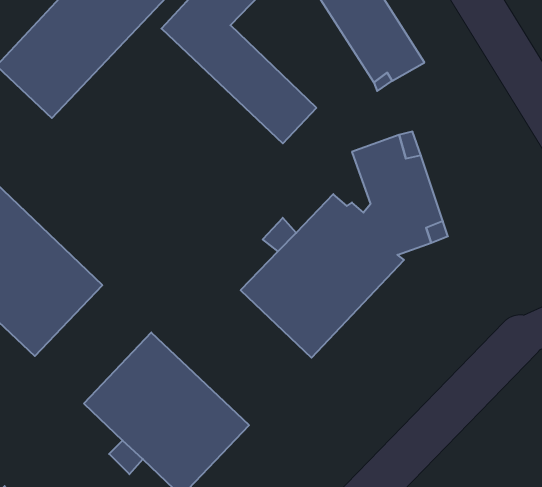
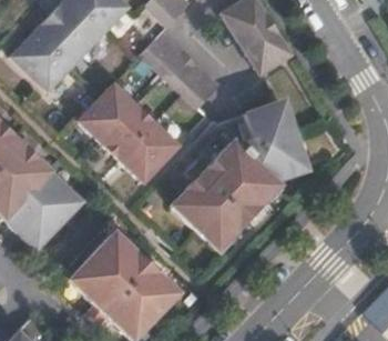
building: none -> [80,84,178,182]

